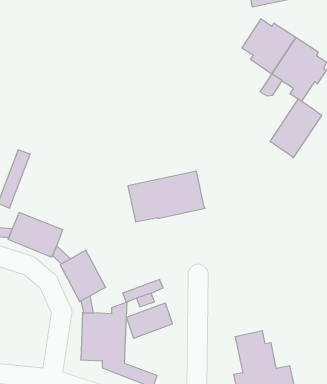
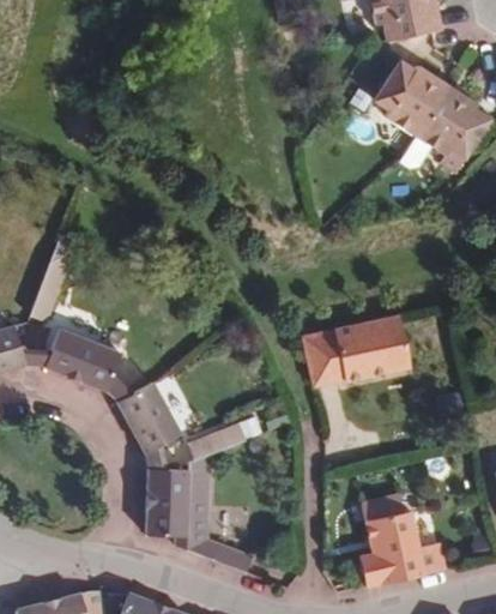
building: [270,99,322,158] -> none
building: [128,171,205,222] -> [303,317,411,387]
building: [126,303,172,338] -> none

